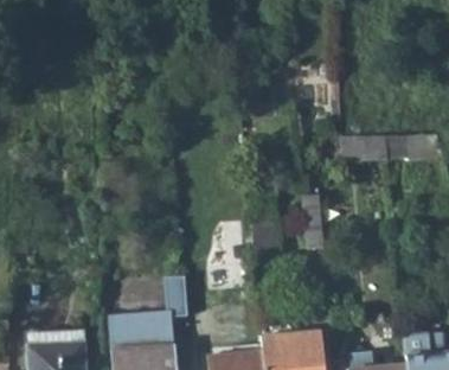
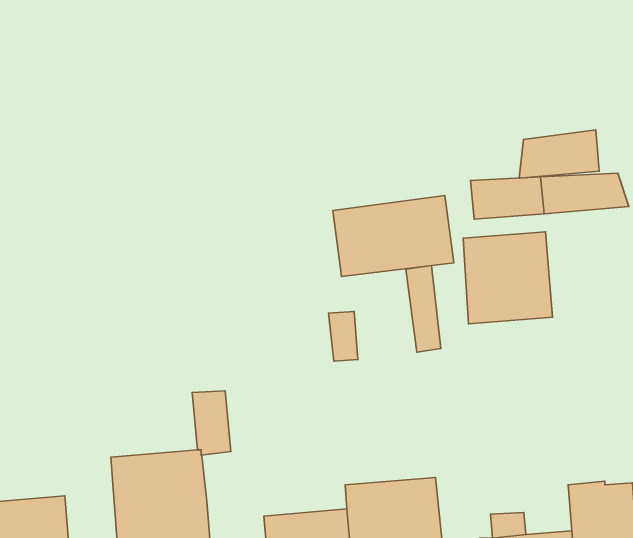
building: none -> [519,130,599,178]
building: none -> [333,195,454,276]
building: none -> [463,232,553,324]

